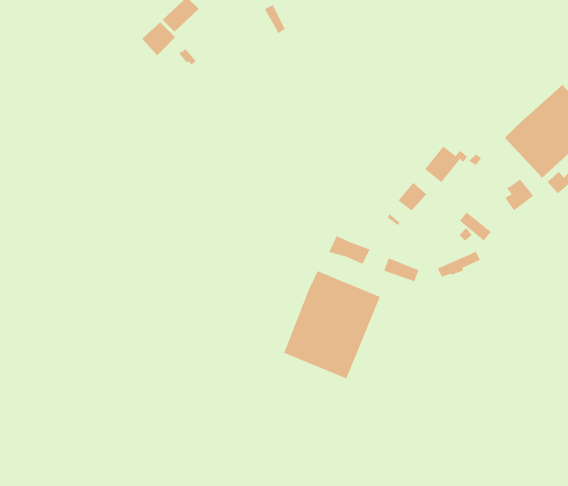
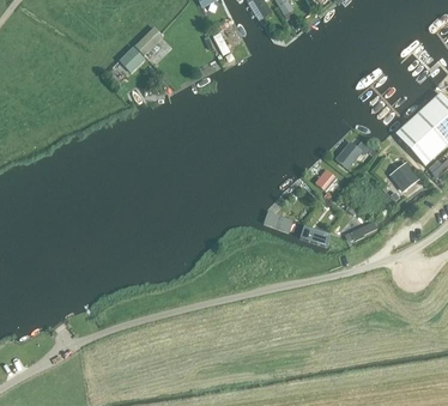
building: [283,270,381,379] -> none

